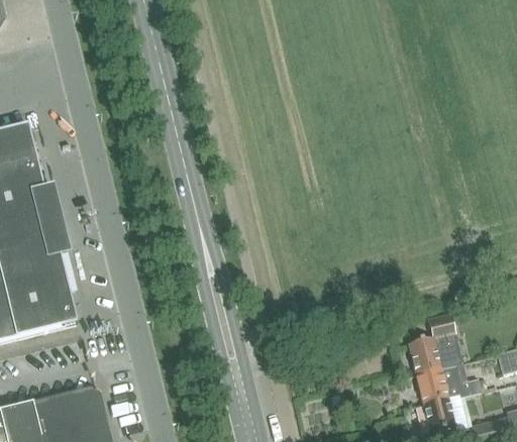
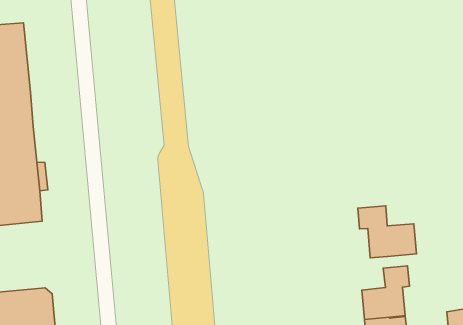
building: none -> [358,206,416,258]

